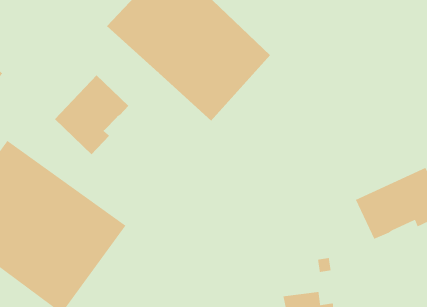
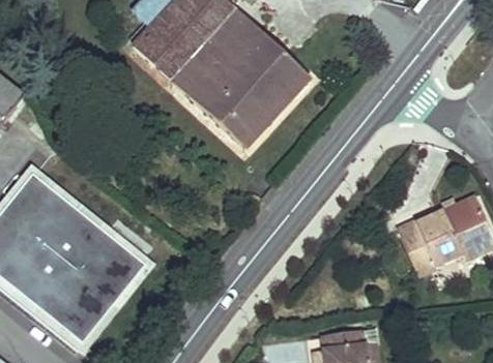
building: [54,74,129,155] -> none

